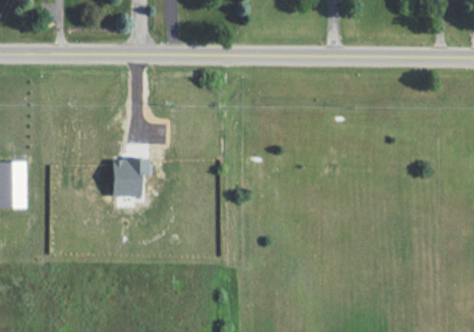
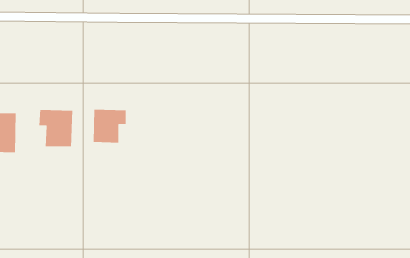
building: none -> [39,109,73,147]

